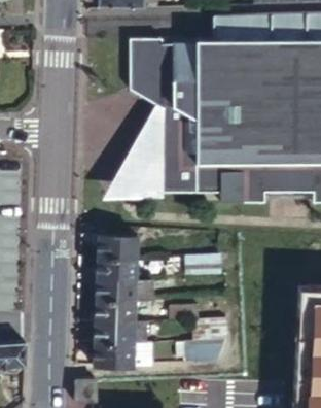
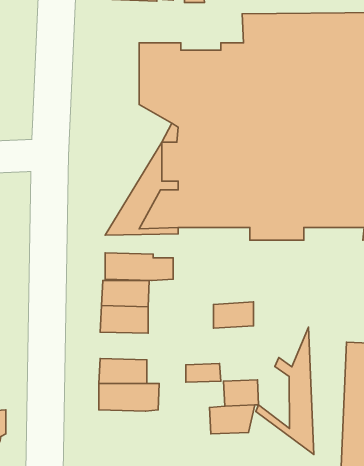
building: none -> [256,327,314,455]
building: [98,278,153,301] -> [105,253,173,281]
building: [96,342,135,367] -> none

